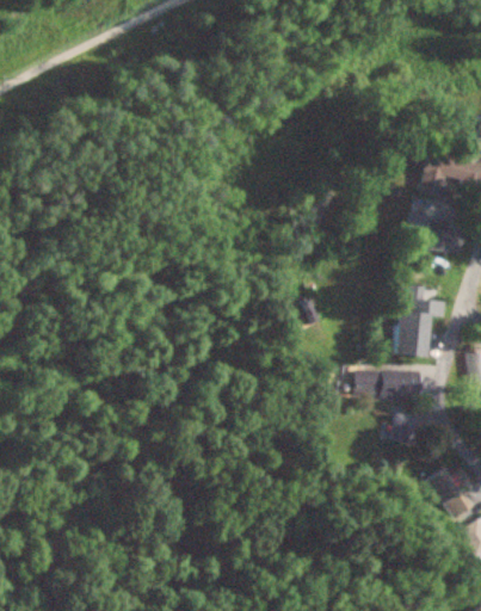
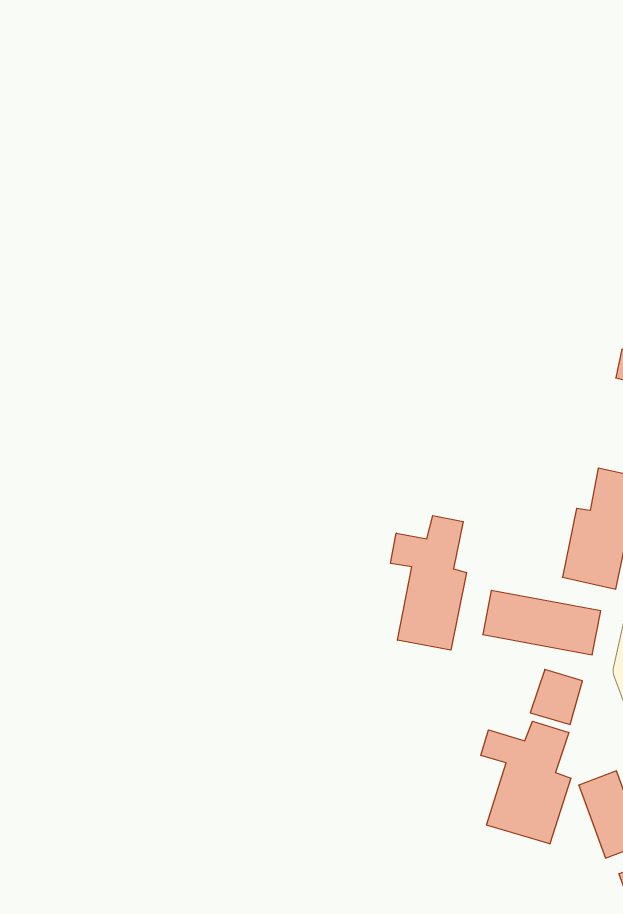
building: none -> [391,516,466,650]
building: none -> [481,721,571,844]

